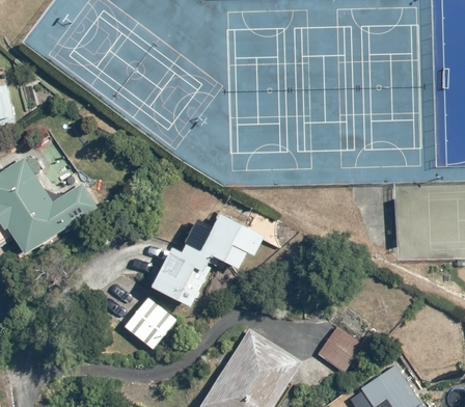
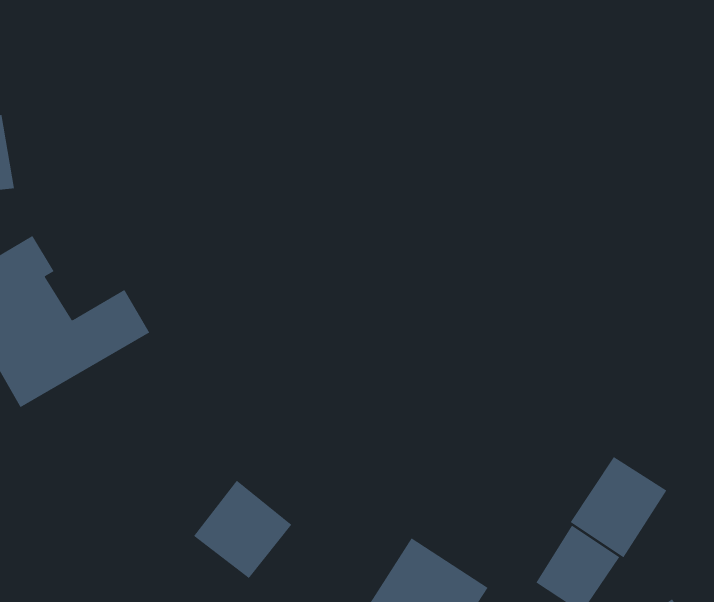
building: [148,199,266,307] -> none
building: none -> [570,456,667,558]

